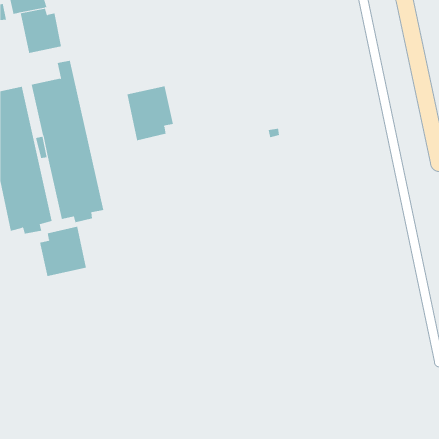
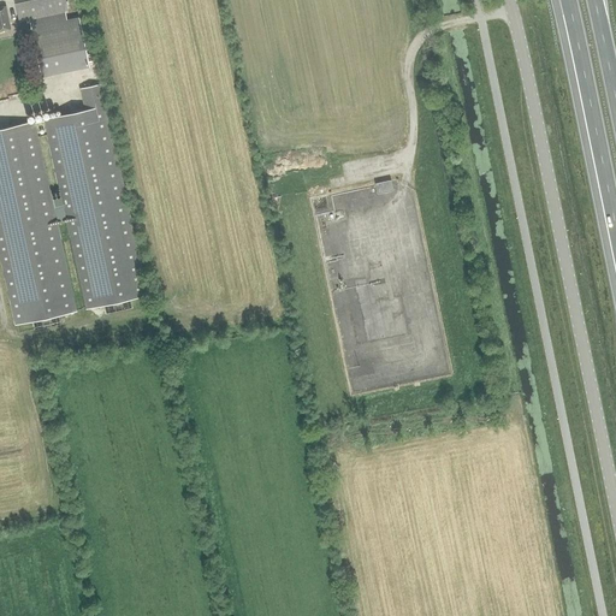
building: [127,85,174,141] -> none
building: [39,226,87,277] -> none

